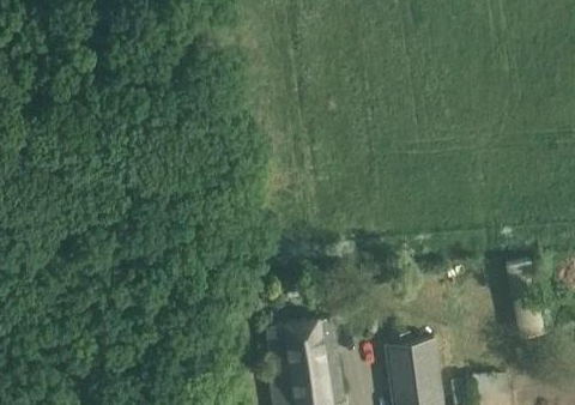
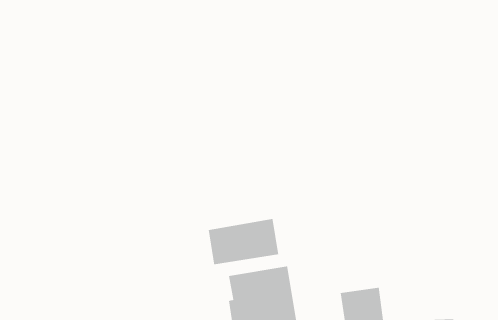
building: none -> [208,218,279,265]

